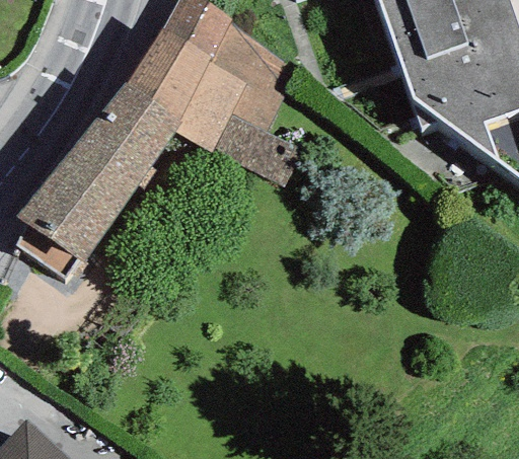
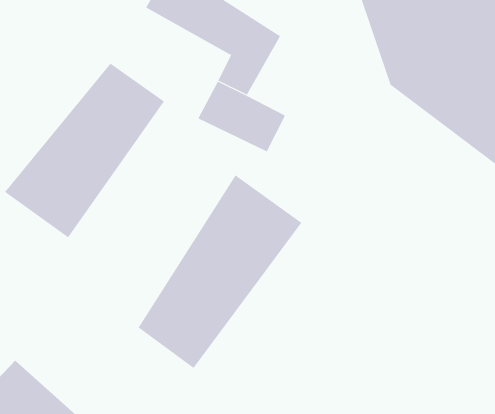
building: [122,35,244,149] -> none
building: none -> [138,175,302,369]

